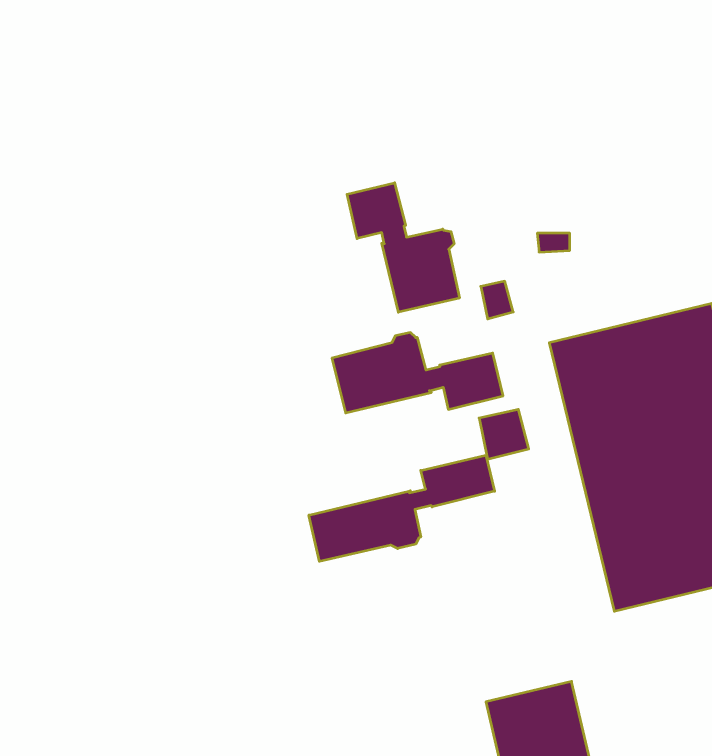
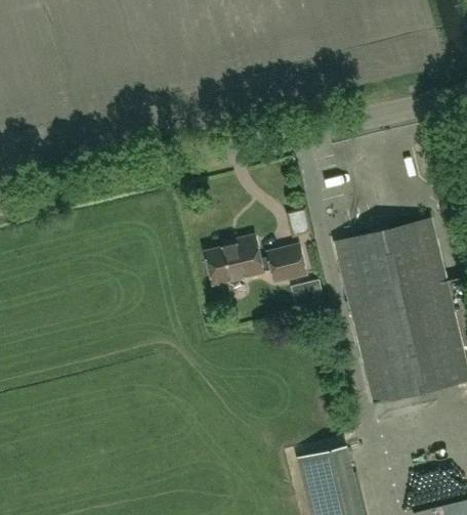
building: [347,183,459,312] -> none
building: [309,455,495,561] -> none

